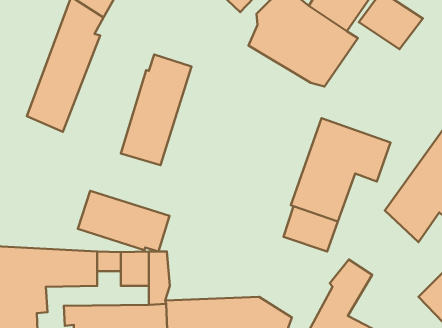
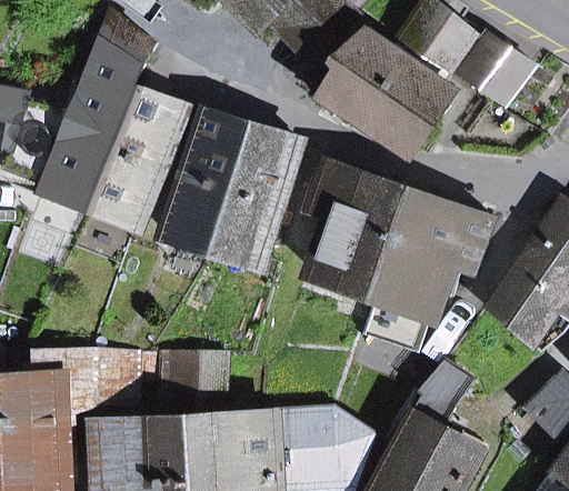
building: none -> [91,88,183,222]
building: none -> [211,126,298,262]
building: none -> [306,160,409,295]
building: [78,191,169,251] -> none

